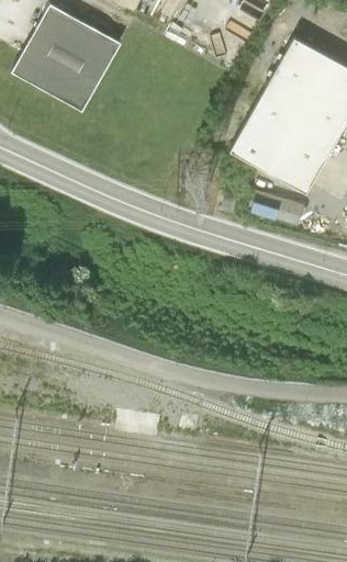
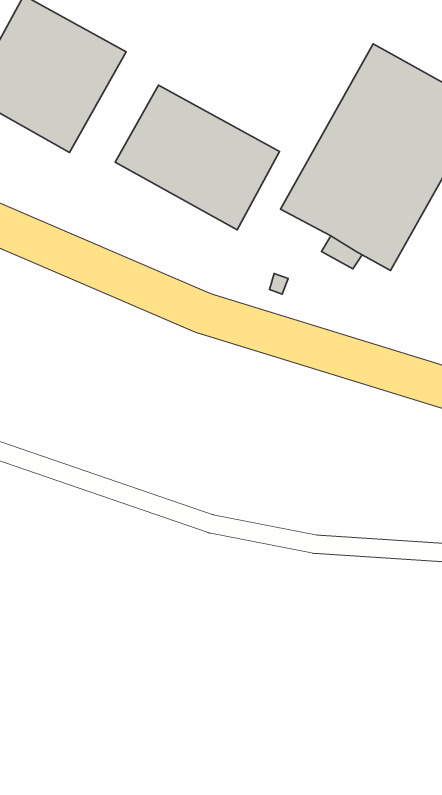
building: none -> [115,85,280,230]

